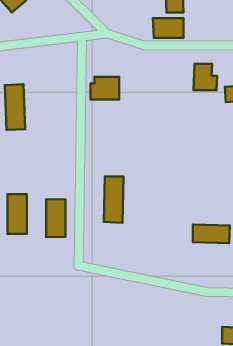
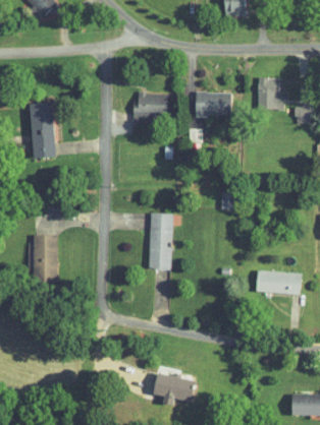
building: [153,18,183,38] -> [196,93,232,116]
building: [46,199,65,237] -> none
building: none -> [154,373,196,406]

